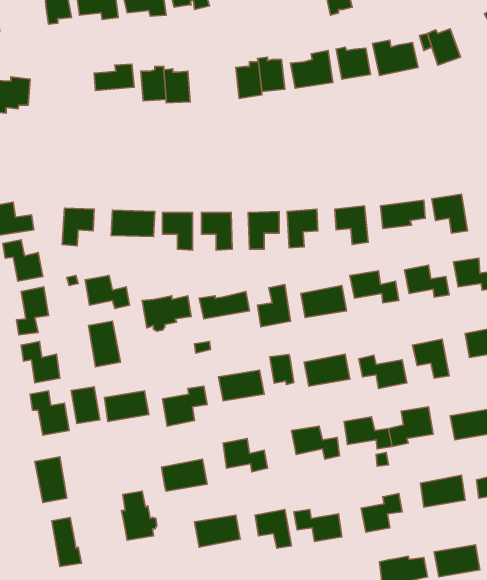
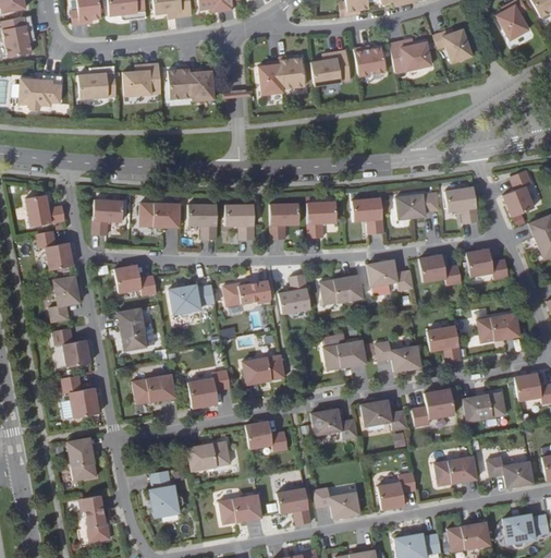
building: none -> [77,64,115,92]
building: [270,354,294,385] -> none
building: [71,387,100,423] -> none

